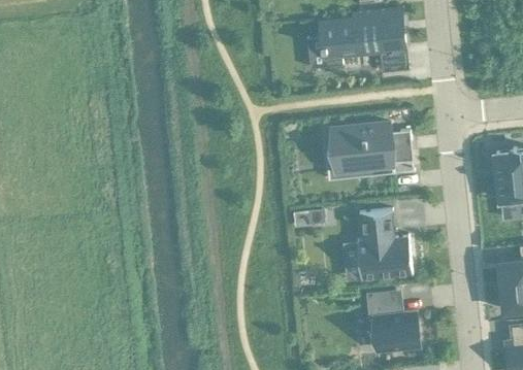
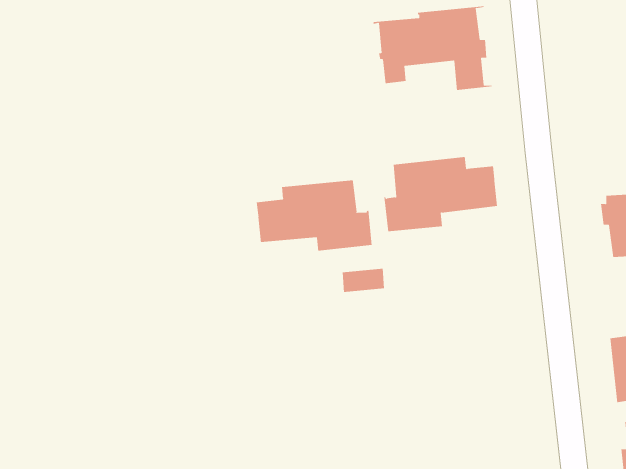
building: none -> [256,180,372,252]
building: [357,209,412,279] -> none
building: [365,290,420,350] -> none

